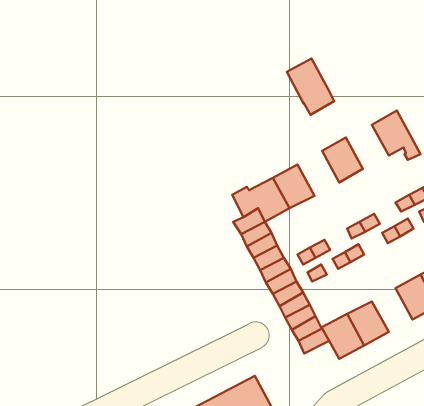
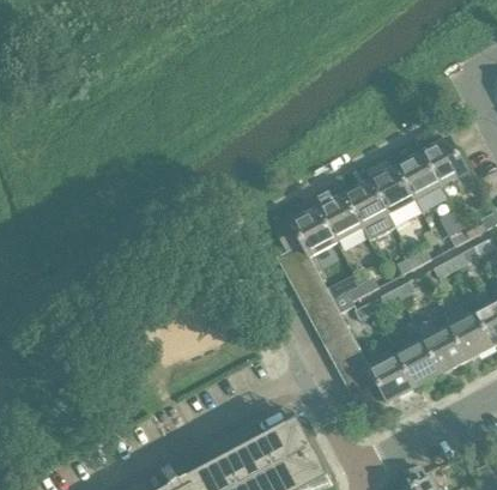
building: [287,58,334,115] -> [344,180,394,240]
building: none -> [395,152,441,199]
building: none -> [418,319,466,373]

